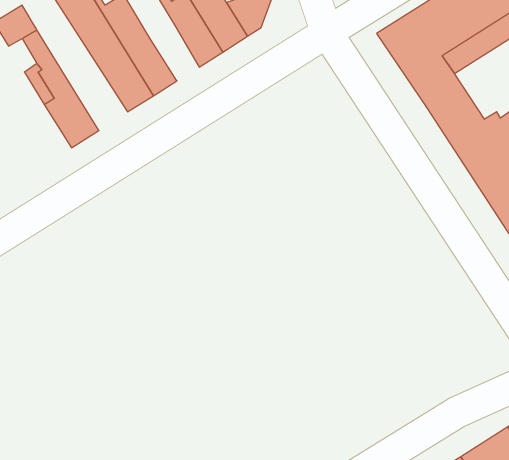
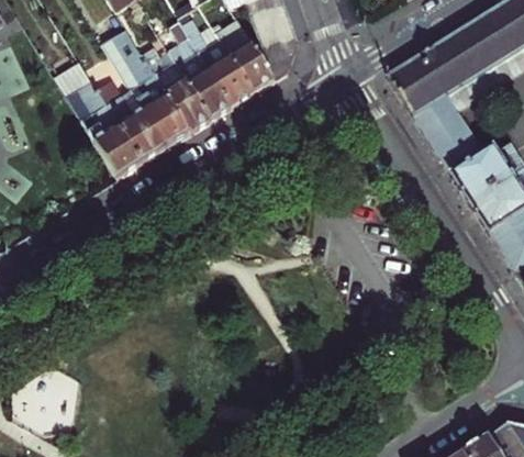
building: none -> [187,67,230,116]
building: none -> [94,76,166,160]

